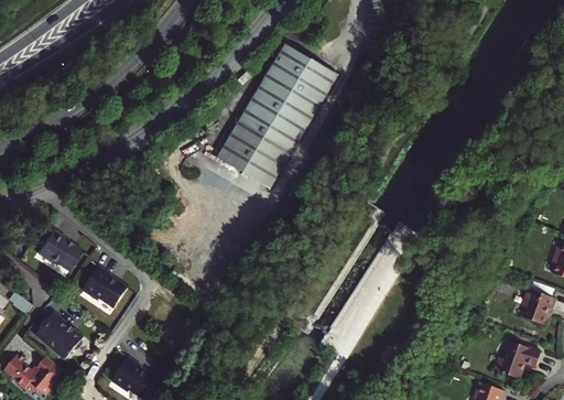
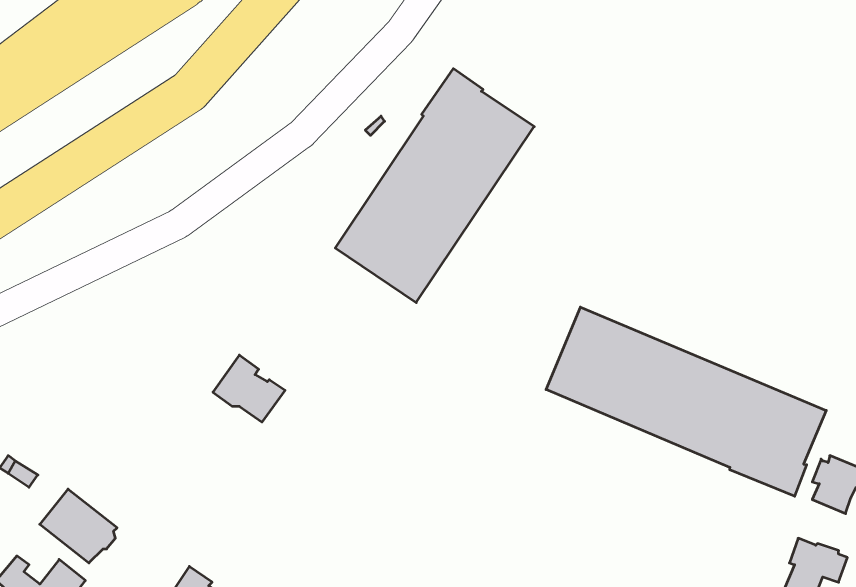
building: none -> [546,307,826,496]
building: [35,227,80,269] -> none
building: [82,264,127,306] -> [213,355,285,422]

